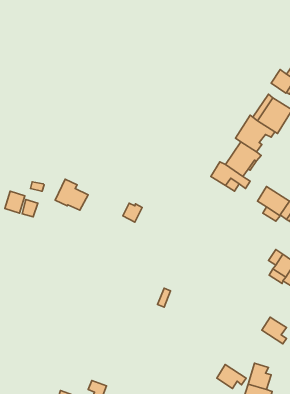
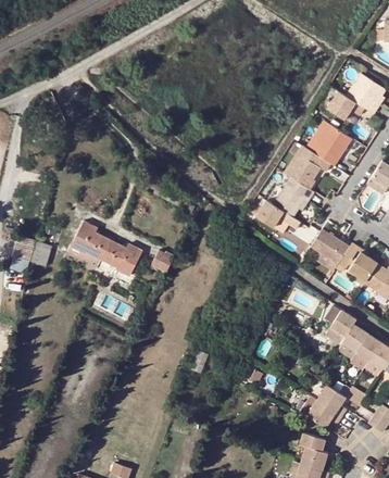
building: none -> [100,239,142,275]
building: [217,365,246,388] -> [306,400,341,428]

